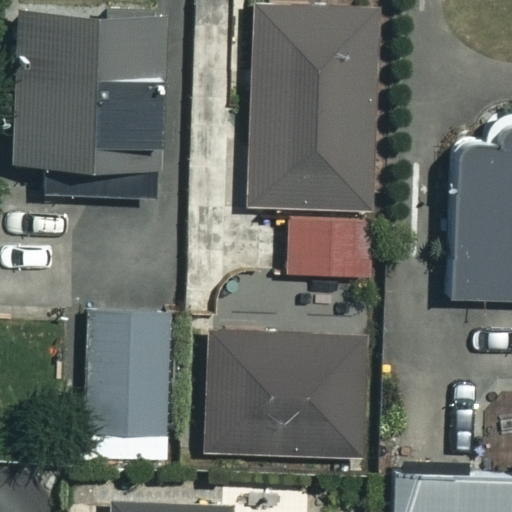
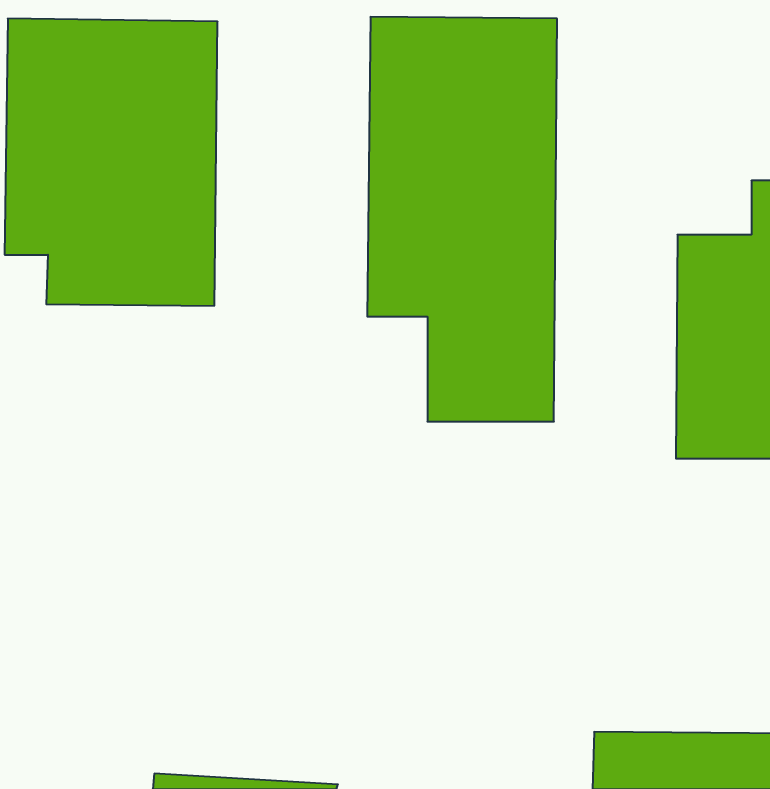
building: [91,311,179,462] -> none
building: [209,334,363,453] -> none

